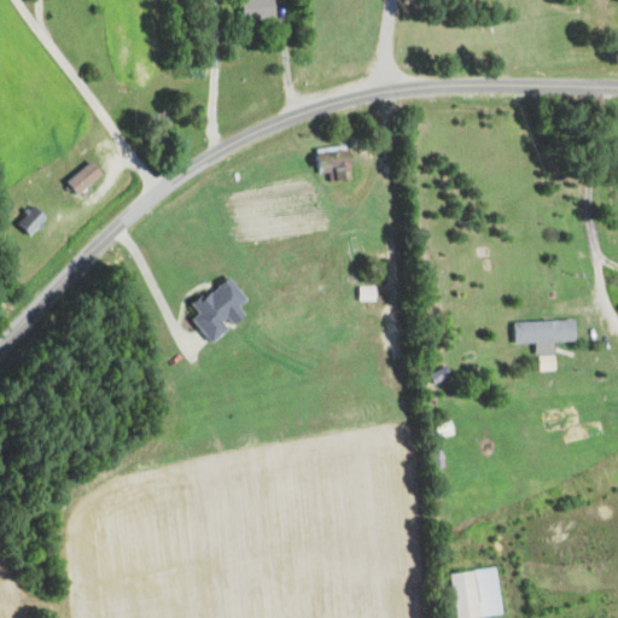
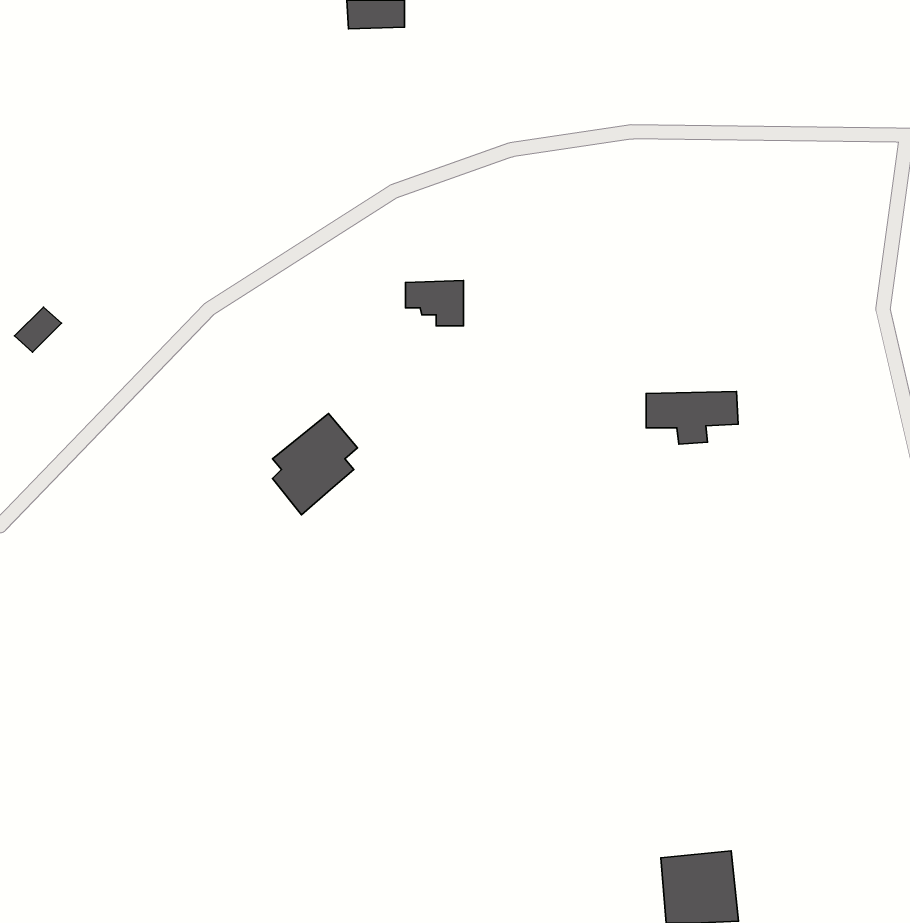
building: [313,150,351,180] -> [406,281,463,326]
building: [66,161,105,196] -> none
building: [515,320,577,355] -> [646,392,738,444]

